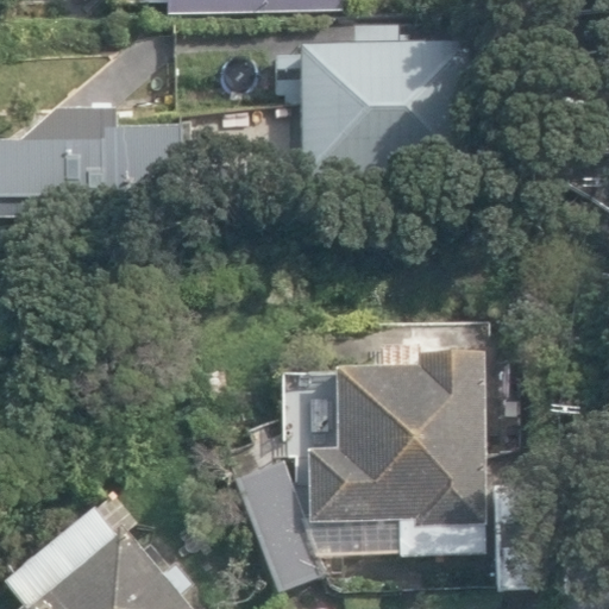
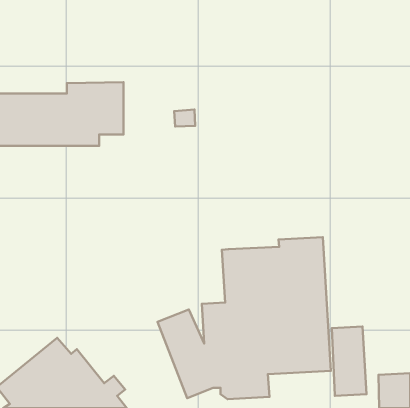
building: [295,26,467,174] -> none

